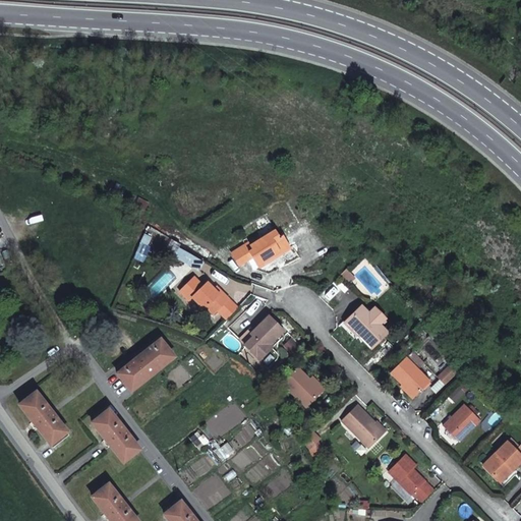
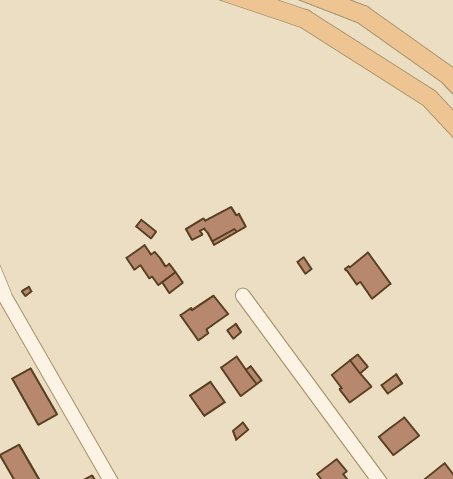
building: [343,307,388,350] -> [345,252,391,299]
building: [116,337,172,389] -> none
building: none -> [190,382,225,416]
building: [342,406,384,449] -> none

